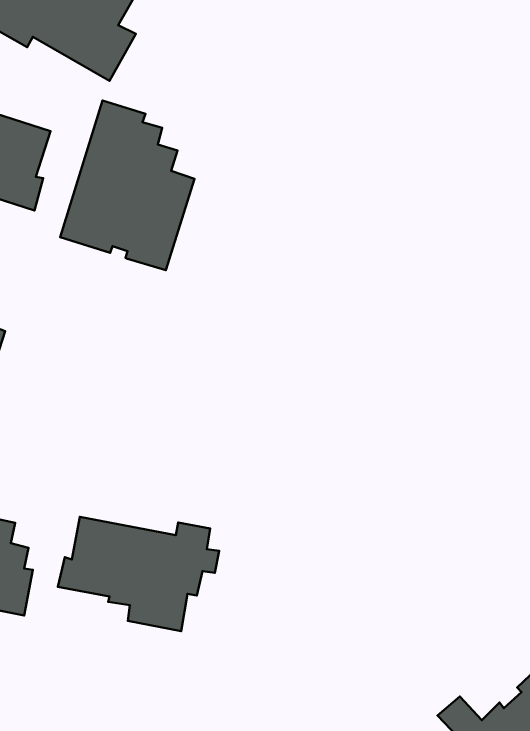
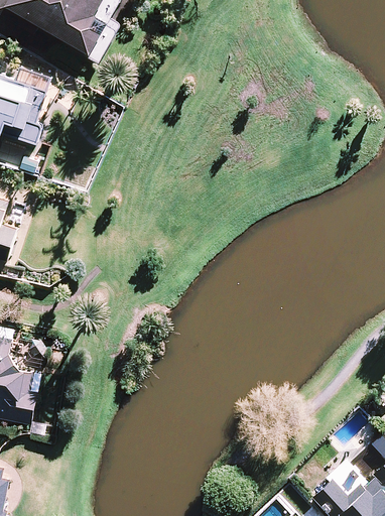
building: [60,100,195,270] -> none
building: [58,517,219,631] -> none

